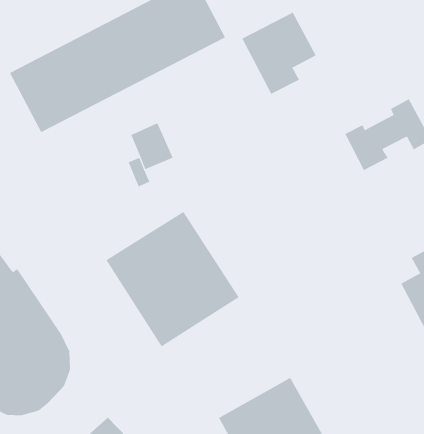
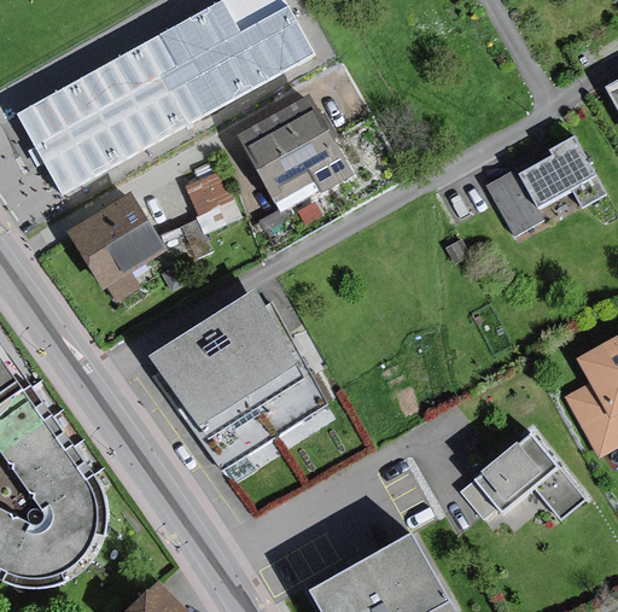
building: [241,12,316,94] -> [241,104,346,220]
building: none -> [70,197,169,307]
building: none -> [457,431,583,517]

